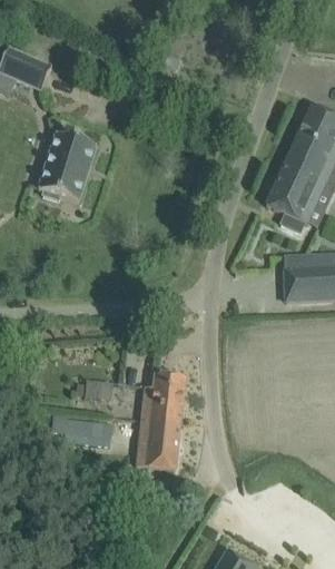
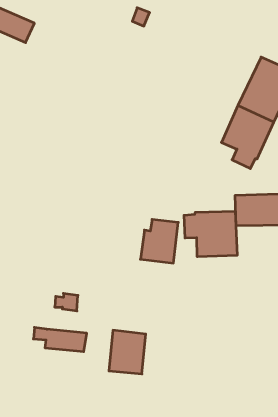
building: [38,134,96,202] -> none
building: none -> [184,211,237,257]
building: [141,374,185,424] -> [140,219,178,263]

